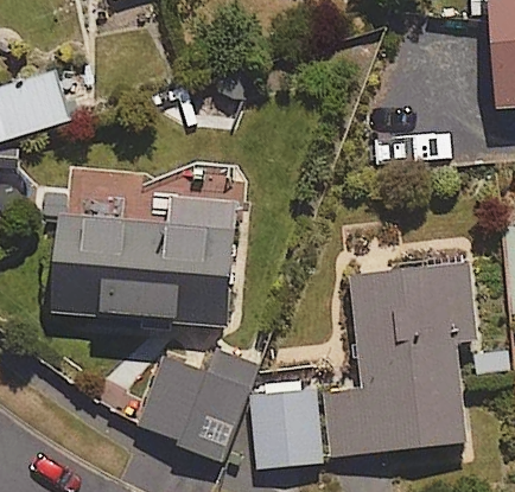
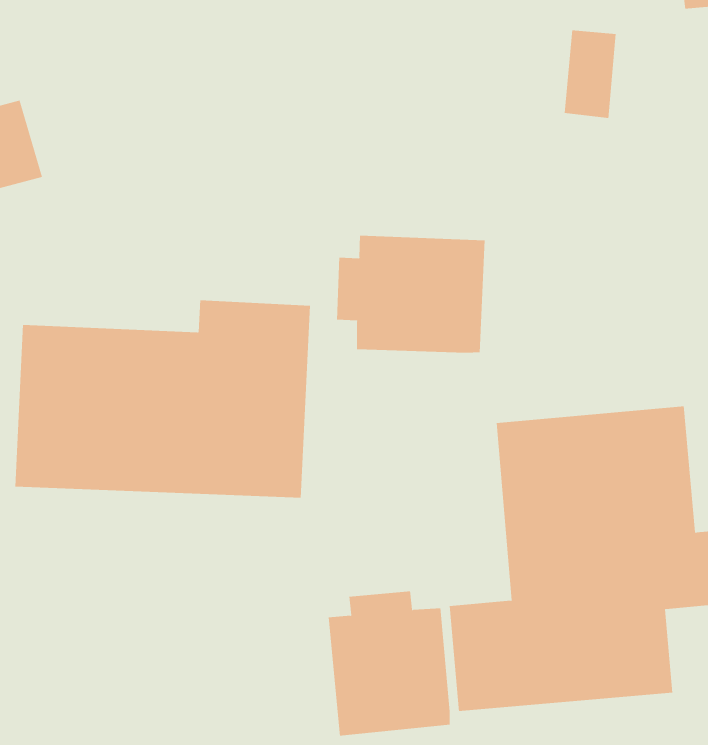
building: none -> [337,235,485,354]
building: [134,346,261,460] -> none

